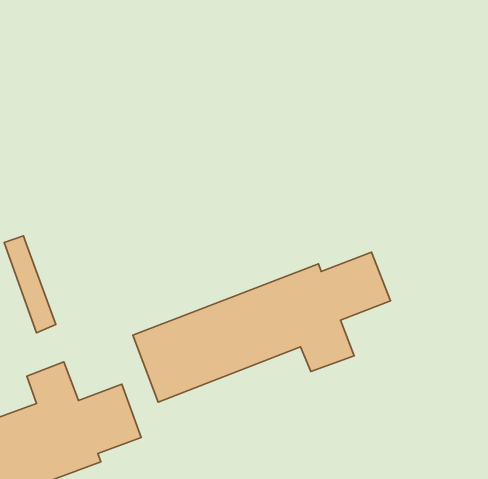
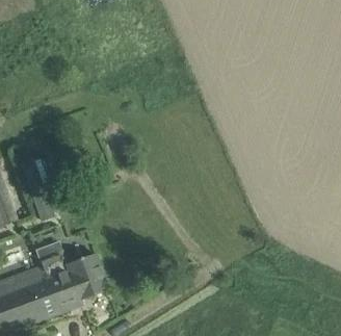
building: [133,252,391,402] -> none

